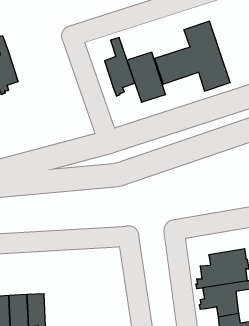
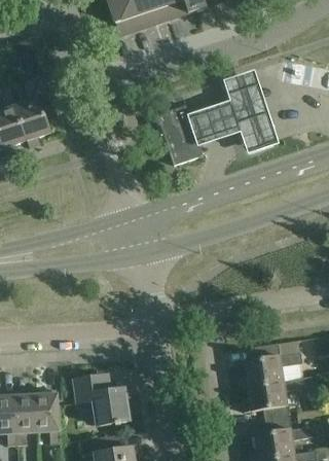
building: [105,37,135,96] -> [15,77,51,147]
building: none -> [74,376,130,425]

